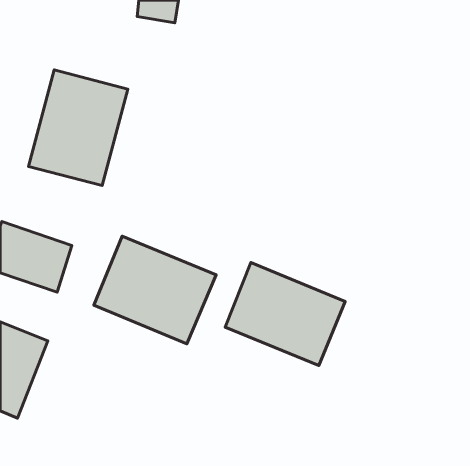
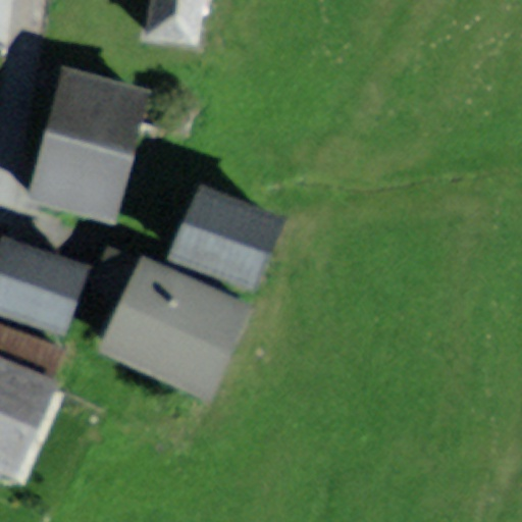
building: none -> [172,194,276,284]
building: [225,263,345,366] -> none

